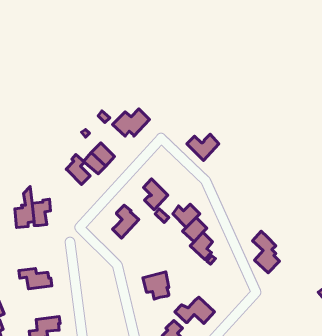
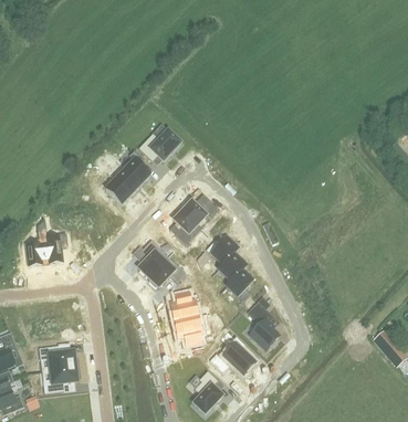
building: [187,134,219,160] -> [182,197,219,226]
building: [66,154,90,185] -> [123,148,150,182]
building: none -> [148,254,186,285]
building: [253,231,280,273] -> [248,300,279,348]
building: none -> [169,289,199,320]
building: [19,269,52,289] -> [40,345,77,368]

